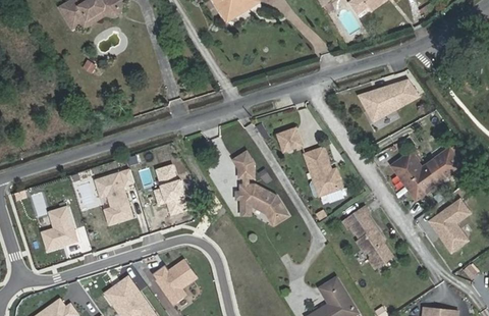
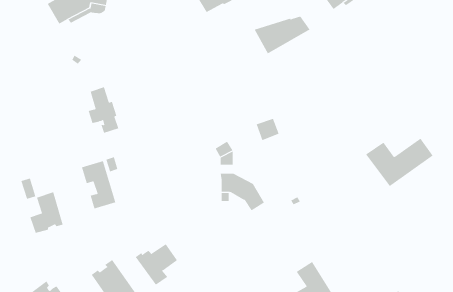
building: [359,81,418,120] -> [254,16,311,54]
building: [304,147,342,194] -> none
building: [154,164,186,213] -> [88,86,119,133]
building: [429,199,469,251] -> none
building: [342,212,393,269] -> none

